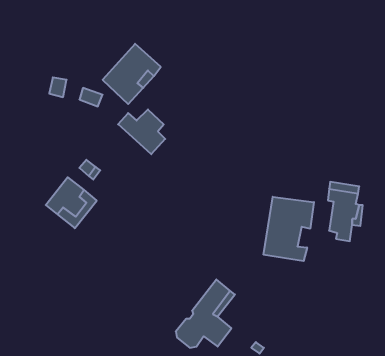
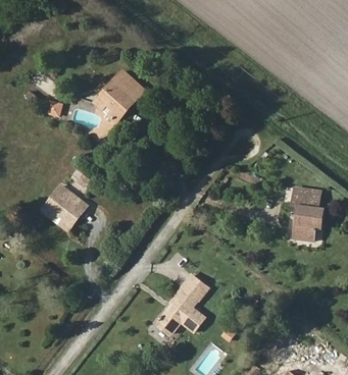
building: [118,109,165,154] -> none
building: [264,197,314,261] -> none

